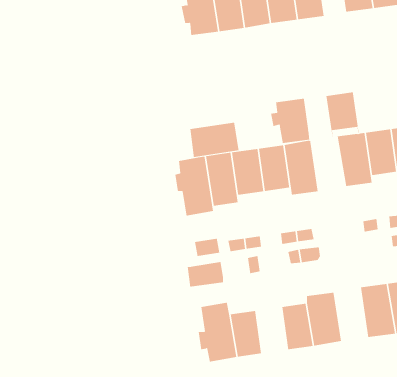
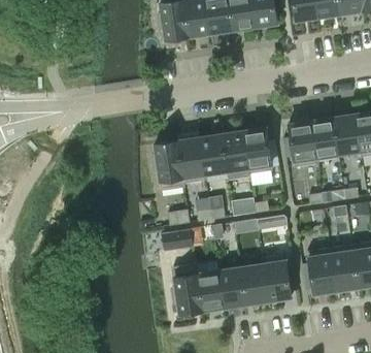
building: [326,91,359,137] -> none
building: [271,98,310,144] -> none
building: [190,122,239,158] -> none
building: none -> [220,268,246,308]

